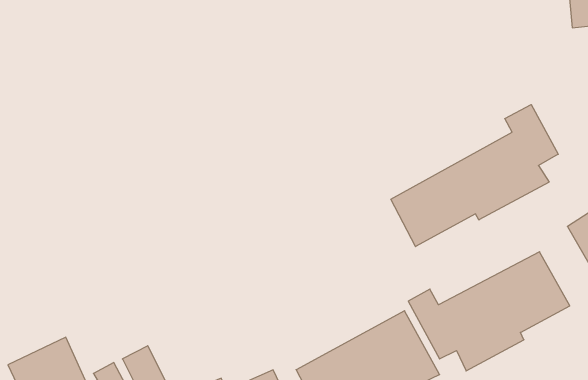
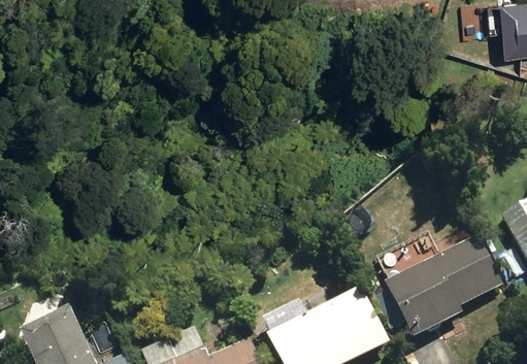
building: [391,105,558,247] -> none

